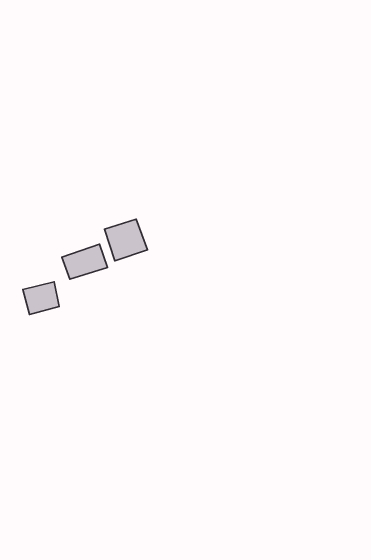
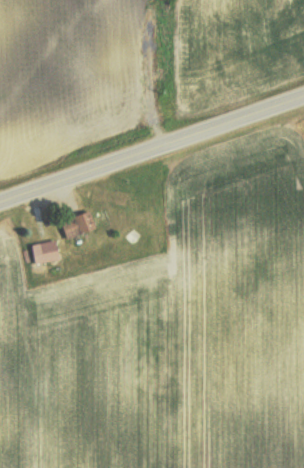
building: [105,219,148,261] -> none

